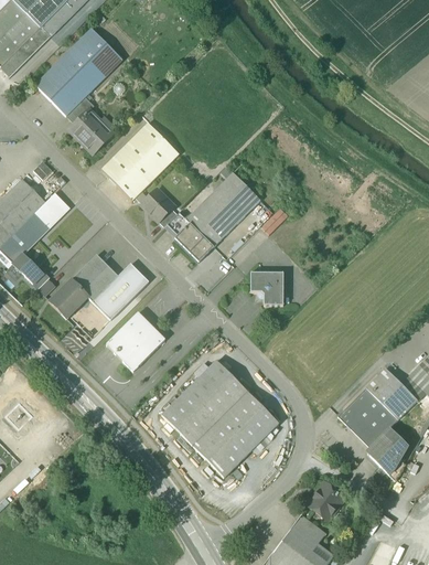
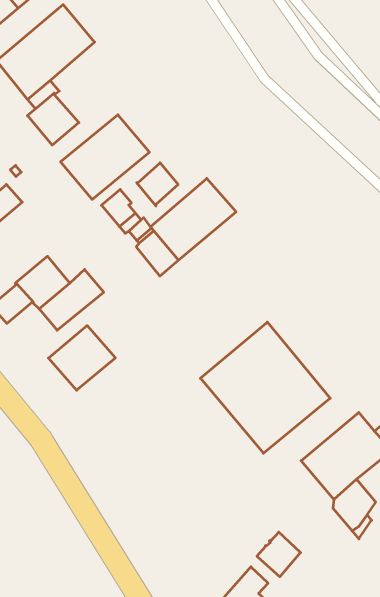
building: none -> [137,163,178,206]
building: [250,271,283,306] -> none
building: [161,360,278,477] -> [200,322,330,453]

